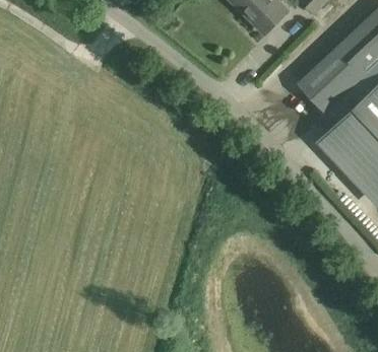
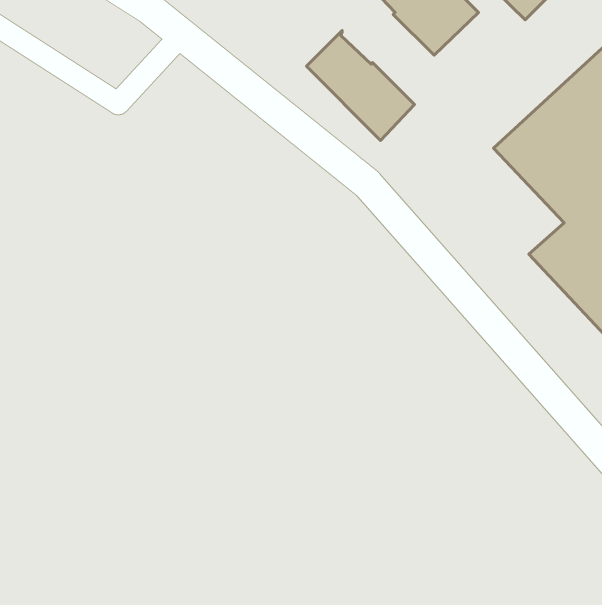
building: none -> [306,31,414,140]

